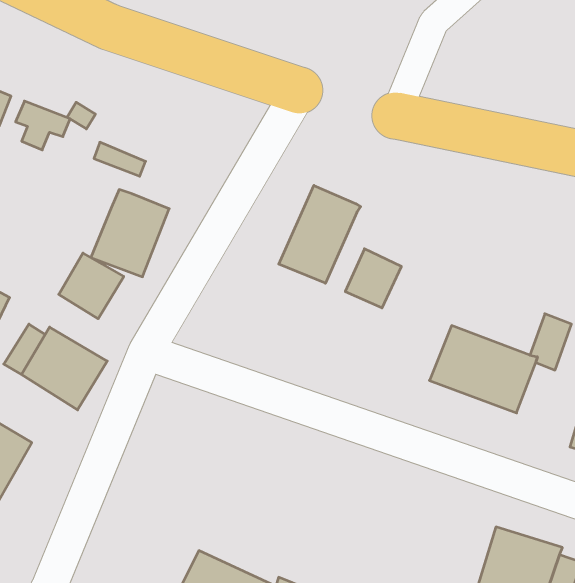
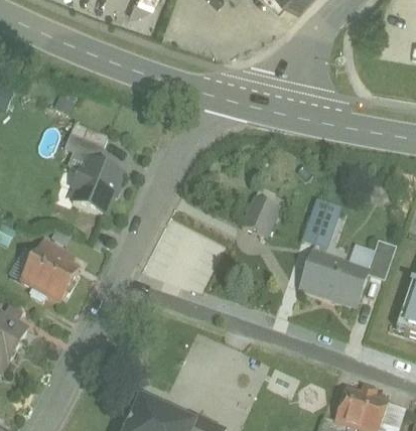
building: [16,101,70,150] -> [64,136,102,169]
building: [279,185,361,283] -> none
building: none -> [303,199,343,249]
building: [59,253,124,319] -> none

